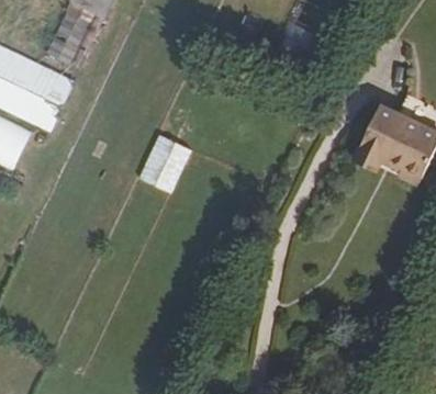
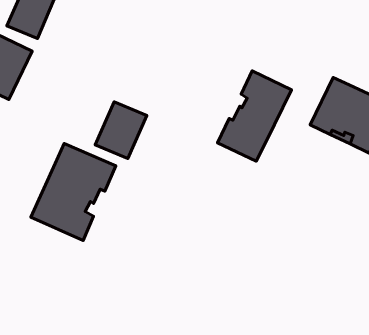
building: none -> [217,71,292,161]
building: none -> [31,144,116,241]

